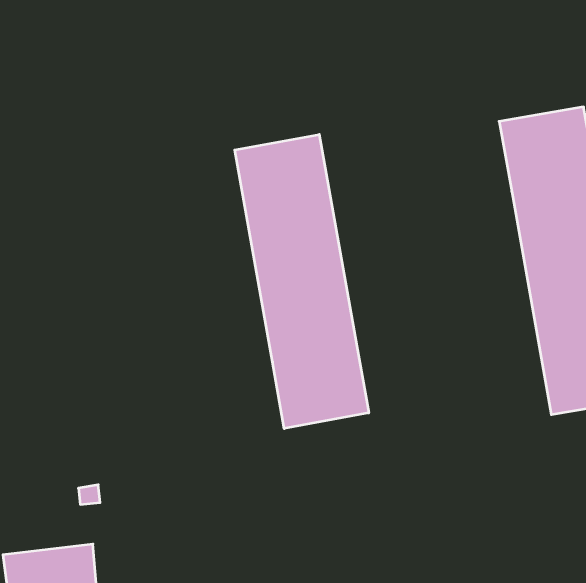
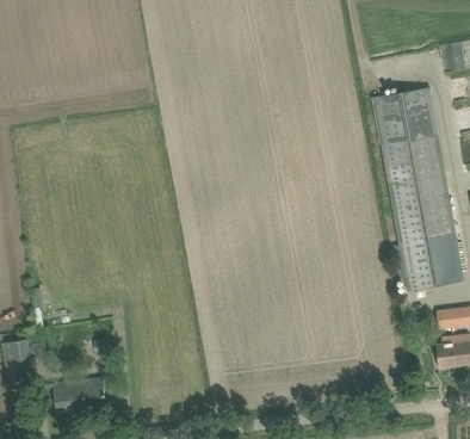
building: [235,134,369,429] -> none

